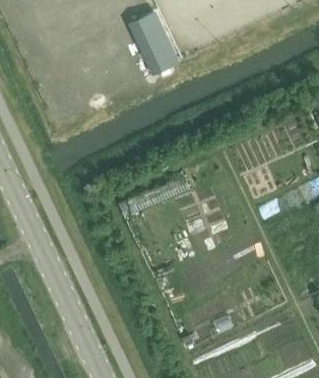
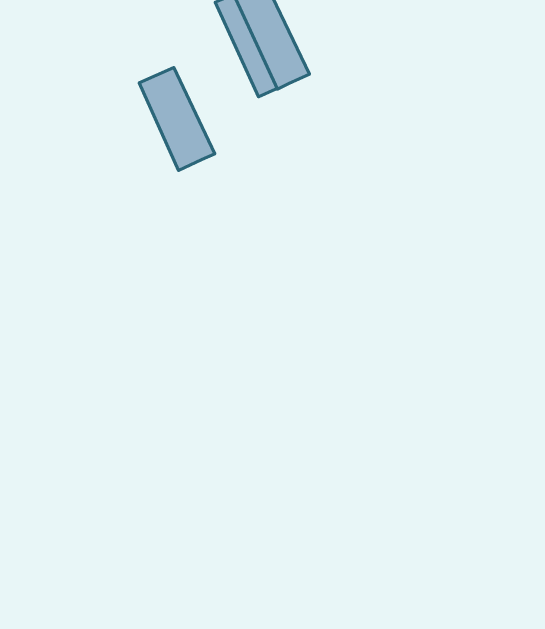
building: none -> [139,68,215,170]

